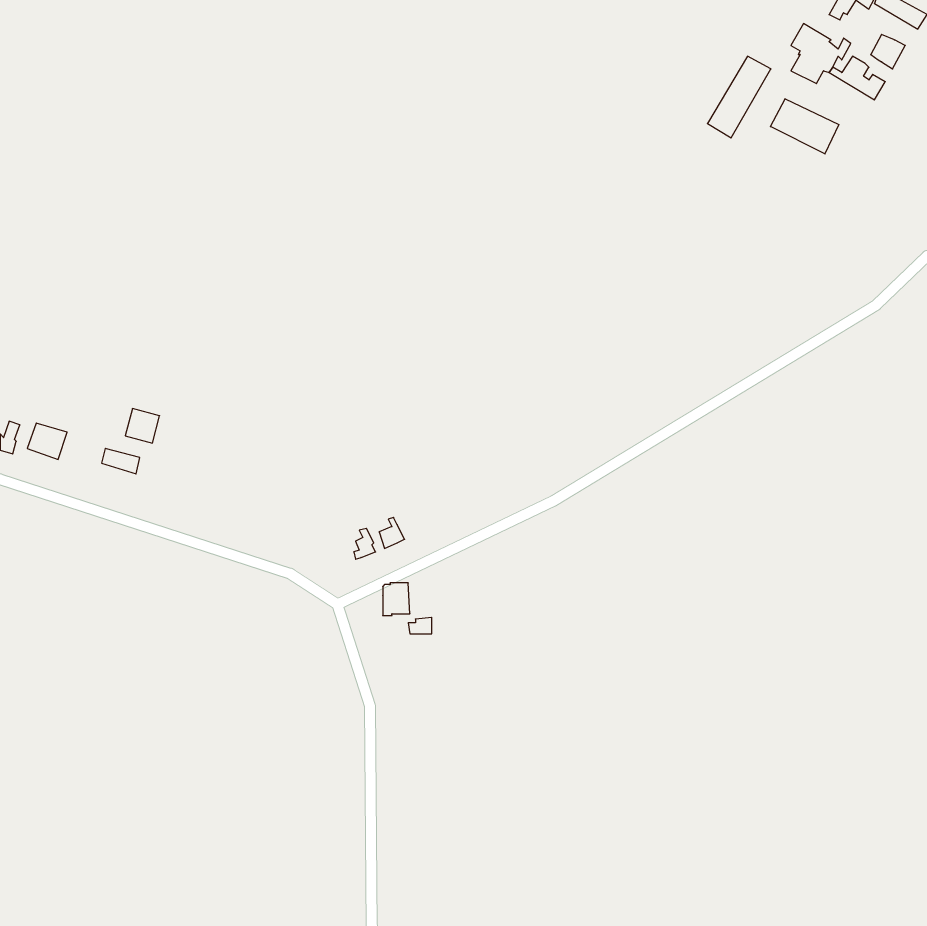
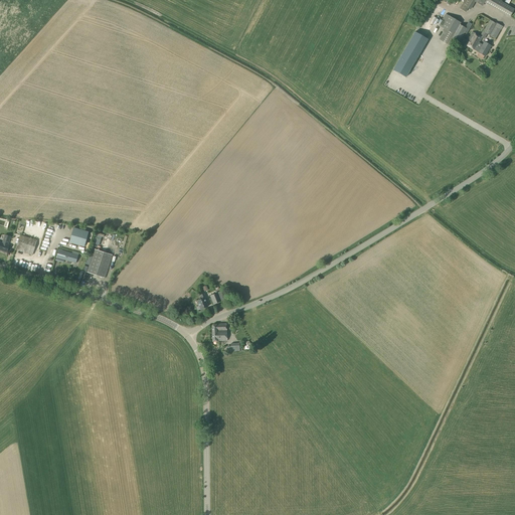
building: [770,99,839,154] -> none
building: none -> [88,248,112,277]

